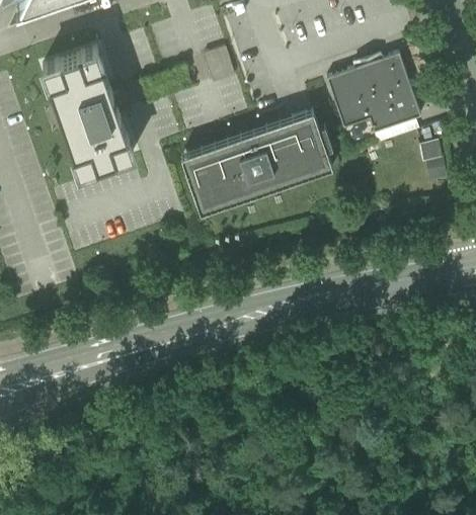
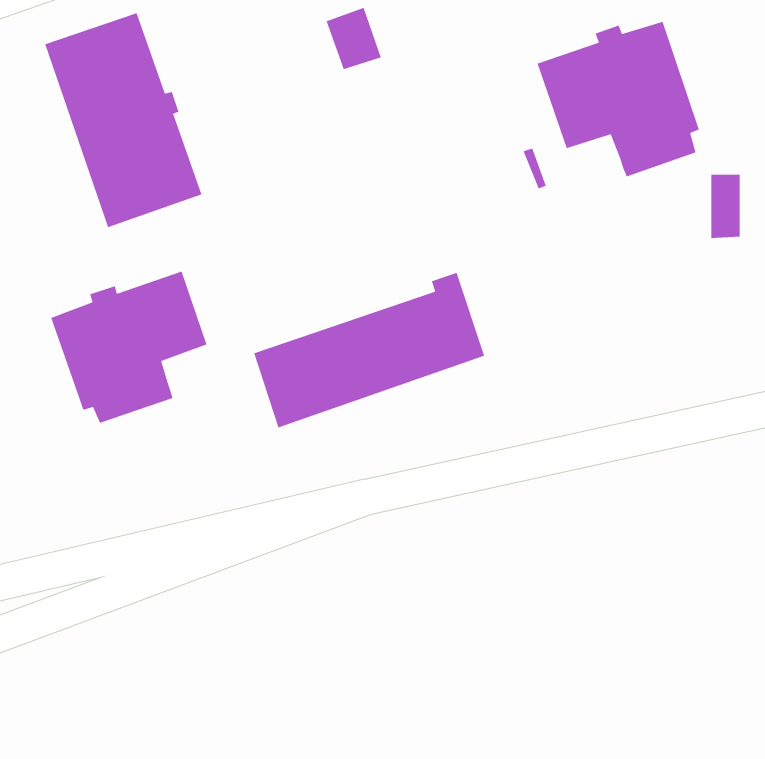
building: [189,112,323,202] -> [253,272,485,428]
building: none -> [50,271,208,424]

